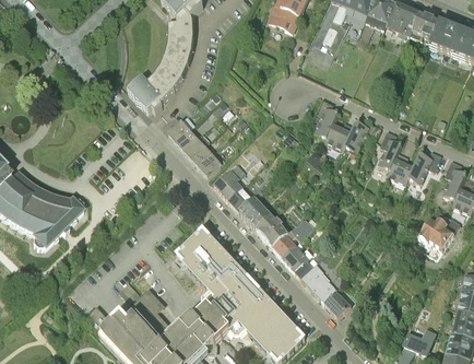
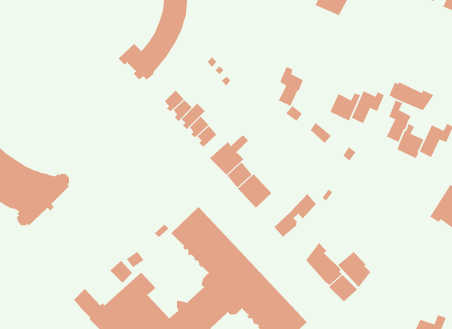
building: [315,98,339,137] -> [278,66,304,107]
building: none -> [389,82,434,111]
building: [257,215,288,247] -> none
building: [282,243,313,278] -> [337,250,371,287]

